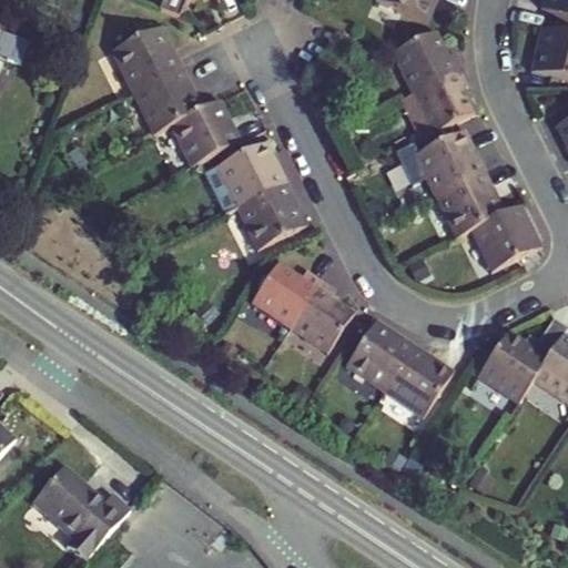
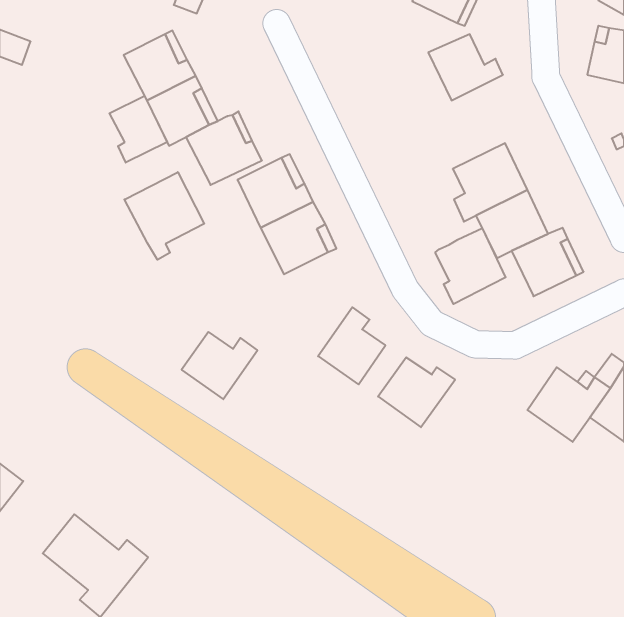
building: [409,68,465,131] -> none
building: none -> [109,96,167,163]
building: none -> [124,172,204,260]
building: none -> [435,228,506,304]
building: [251,262,320,323] -> [182,332,257,399]
building: [382,344,448,416] -> none

